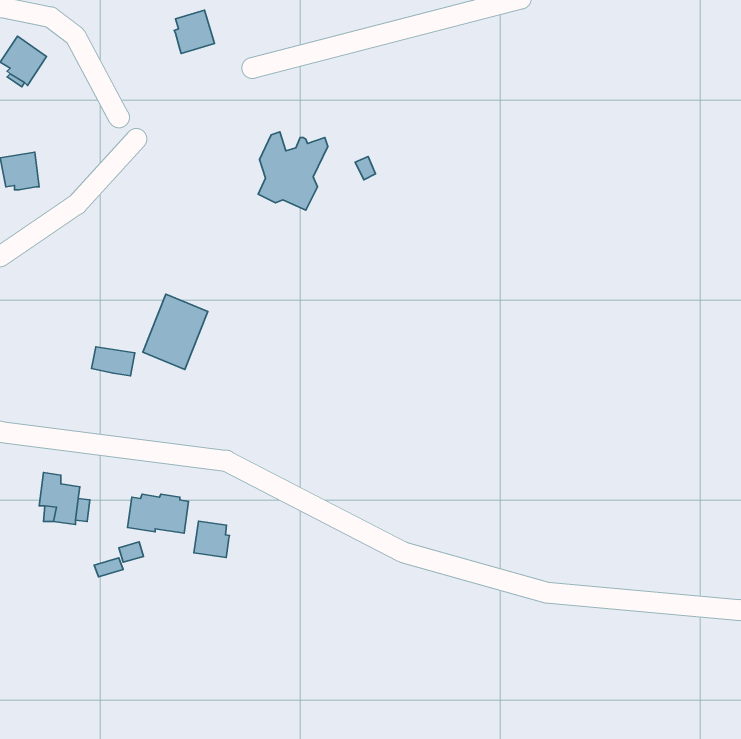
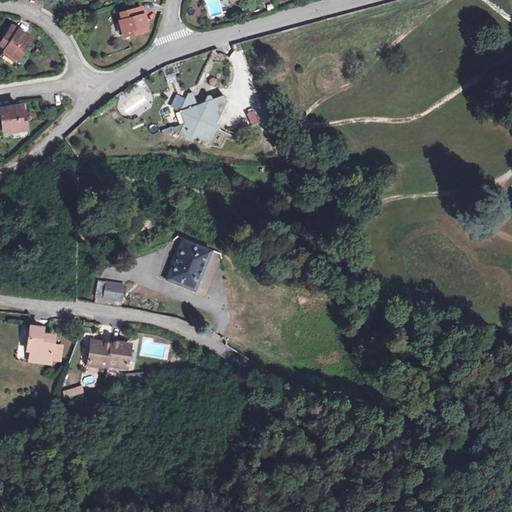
building: [143,294,208,370] -> [166,239,211,291]
building: [91,347,135,376] -> [95,281,125,301]
building: [194,521,230,557] -> none

